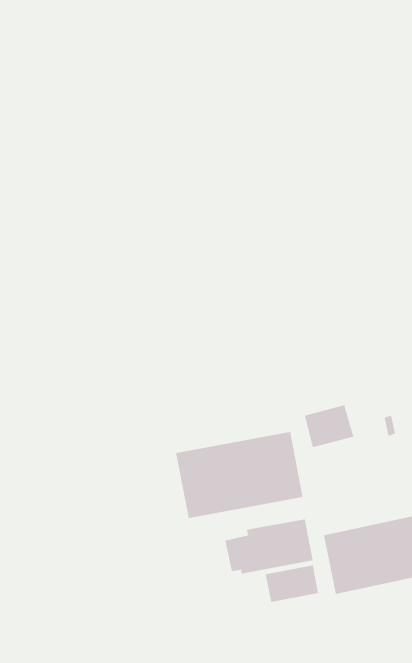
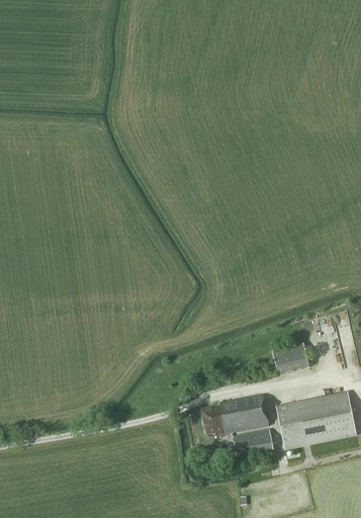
building: [304,405,354,448] -> [272,342,309,374]
building: [176,431,303,519] -> none

